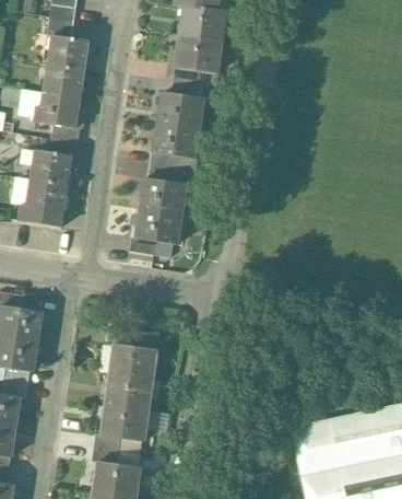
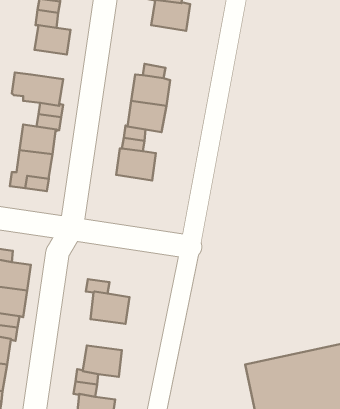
building: [176,35,222,72] -> none
building: [43,63,84,97] -> none
building: [137,208,182,244] -> none
building: [107,374,152,410] -> none

